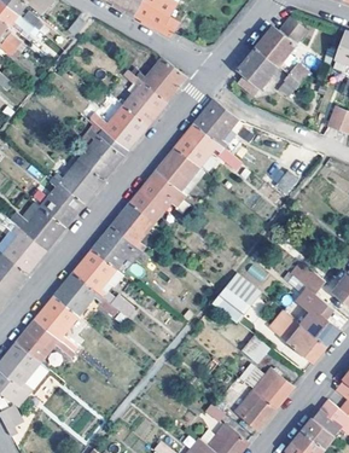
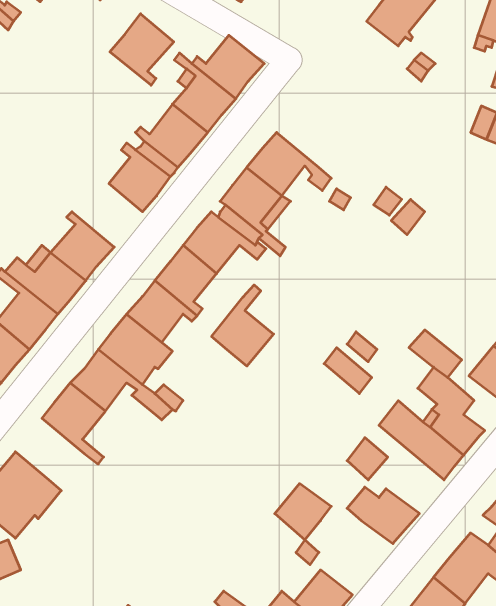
building: none -> [110,14,174,85]
building: [240,48,279,94] -> none
building: [196,100,238,149] -> none
building: [56,159,104,203] -> none
building: none -> [212,285,274,366]
building: [215,283,252,320] -> none
building: [17,320,75,362] -> none
building: [237,390,275,429] -> [275,484,331,540]

